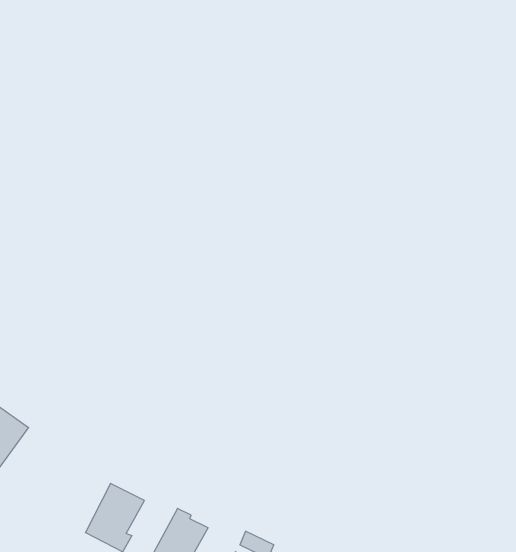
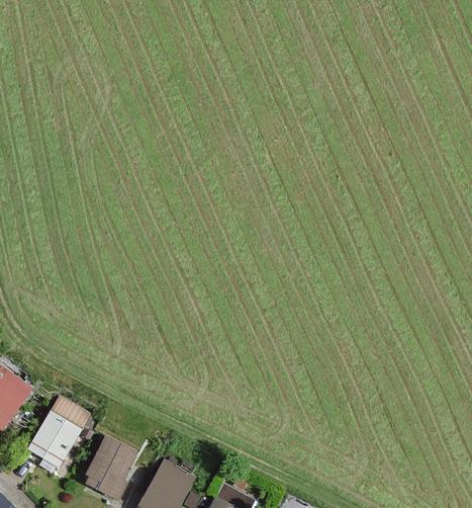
building: none -> [28,399,89,467]

